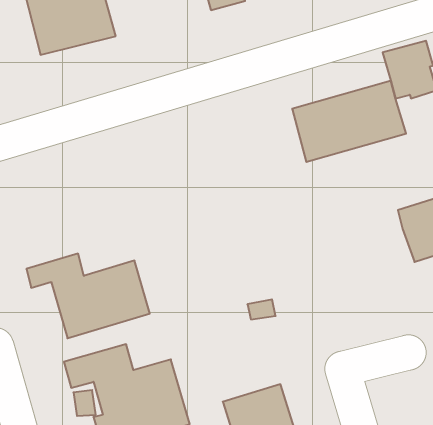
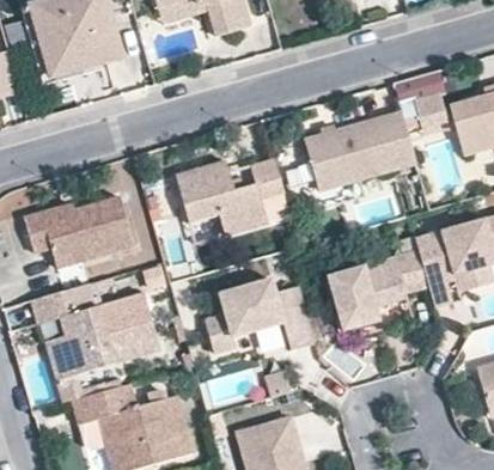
building: none -> [178,154,285,234]
building: none -> [35,197,124,273]
building: none -> [331,258,428,328]
building: none -> [208,280,316,356]

